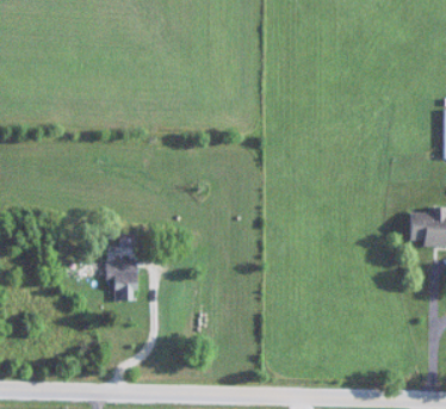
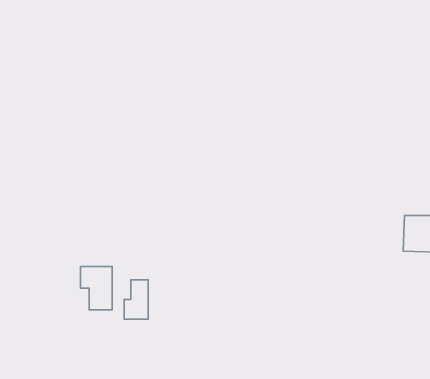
building: none -> [124,280,148,319]

